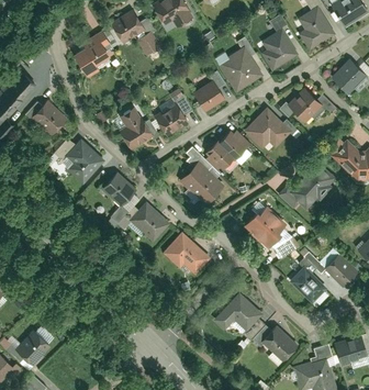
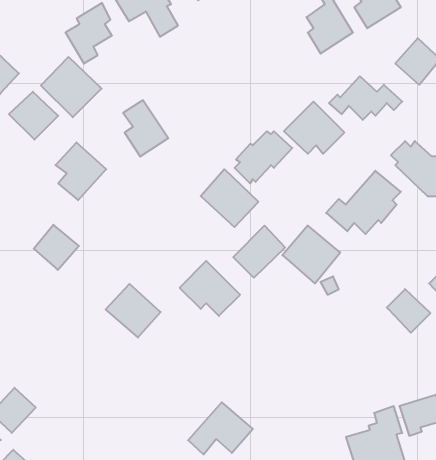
building: [215,37,262,92] -> none
building: none -> [41,57,102,117]
building: [192,80,223,110] -> none
building: [153,102,189,137] -> none
building: [101,172,136,208] -> [34,225,79,270]
building: [127,201,170,243] -> [106,284,161,338]
building: none -> [233,226,285,278]
building: [288,253,326,304] -> none
building: [211,292,261,333] -> [188,402,253,454]
building: [259,325,297,363] -> none

